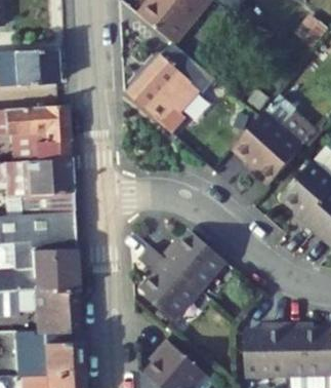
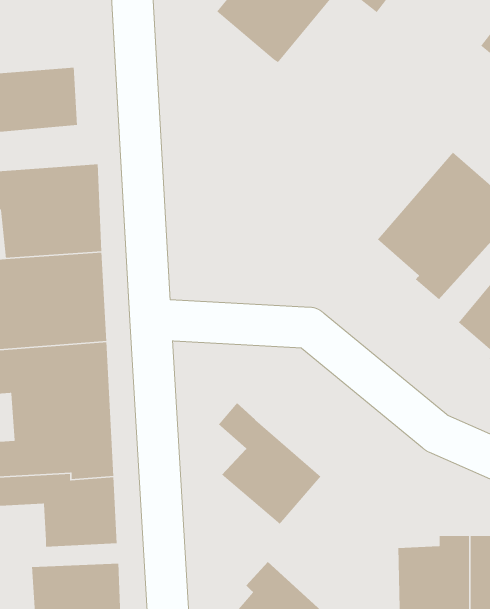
building: [127,42,225,131] -> none
building: [161,230,225,289] -> none

